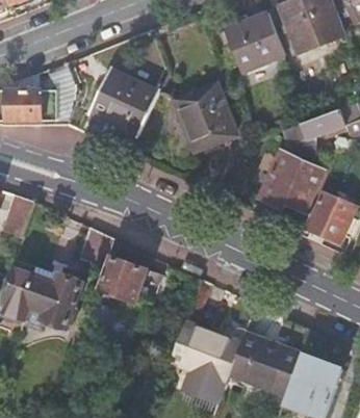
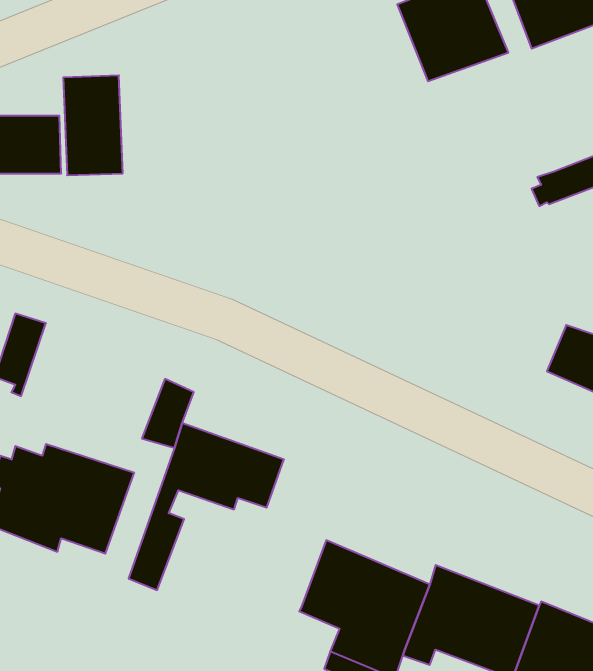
building: [89,70,158,135] -> none
building: [176,85,234,151] -> none
building: [259,151,324,211] -> none

